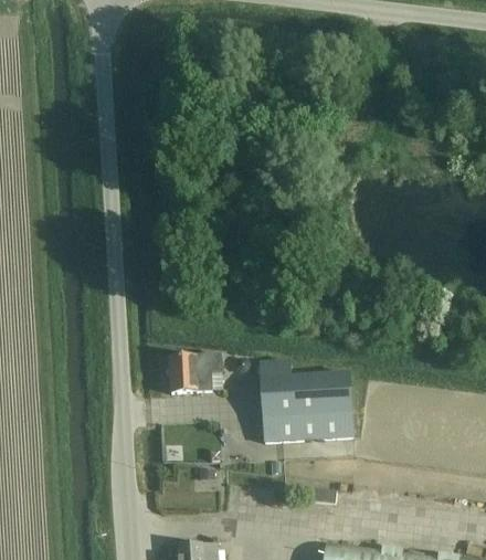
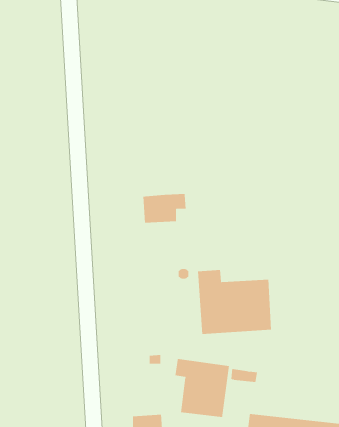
building: [167,355,222,392] -> [142,193,186,223]
building: none -> [175,358,230,418]

